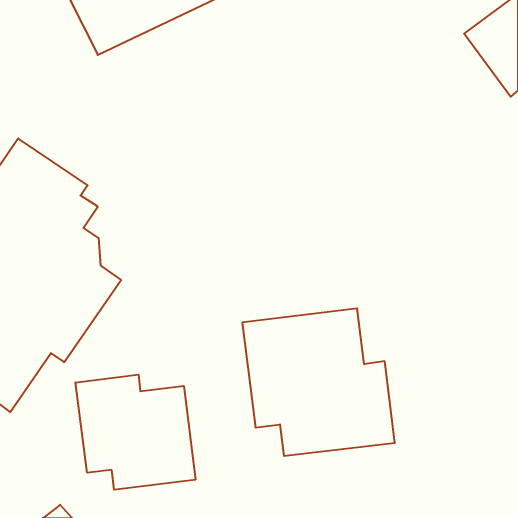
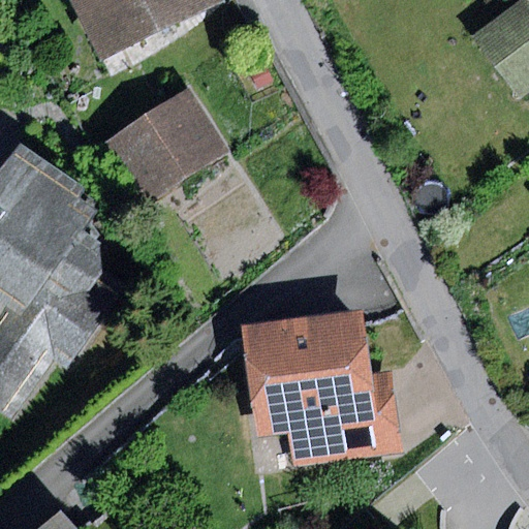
building: none -> [105,90,226,203]
building: [75,375,195,490] -> none

